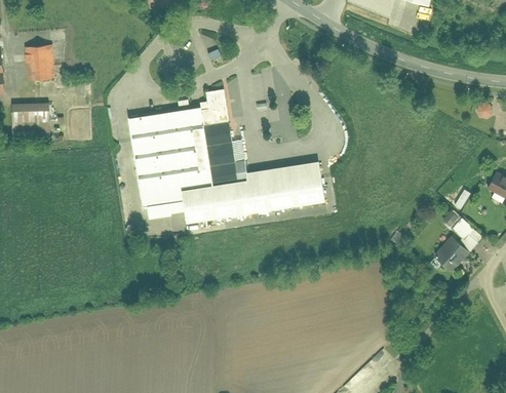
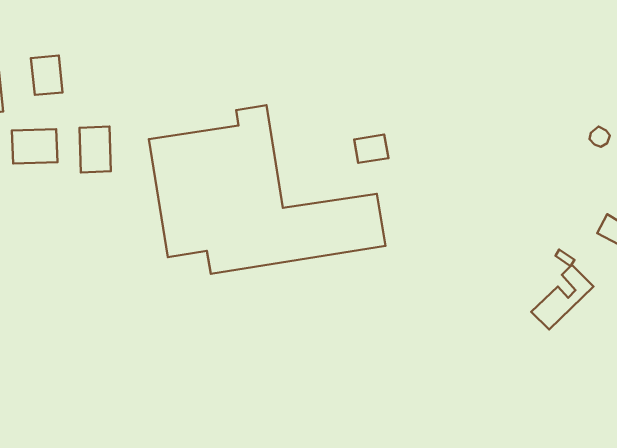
building: none -> [79,127,111,172]
building: none -> [354,134,388,163]

